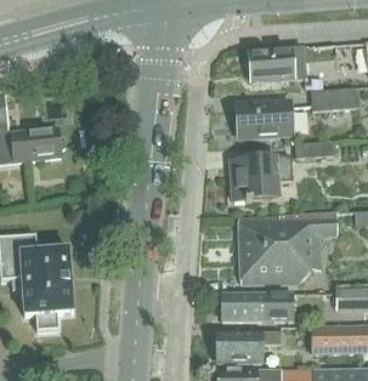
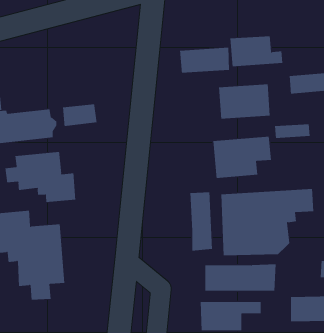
building: none -> [180,47,230,74]
building: none -> [63,103,97,127]
building: none -> [5,151,76,203]
building: none -> [190,191,213,251]

